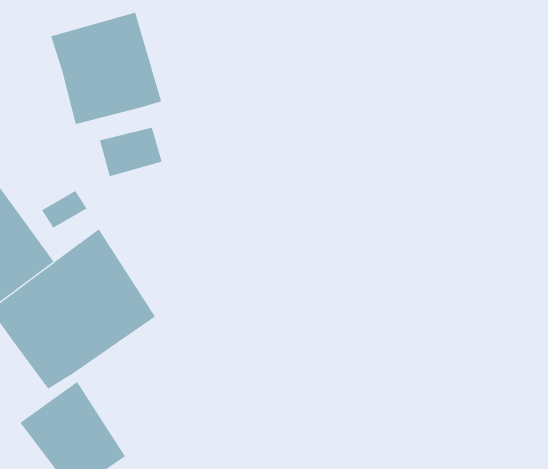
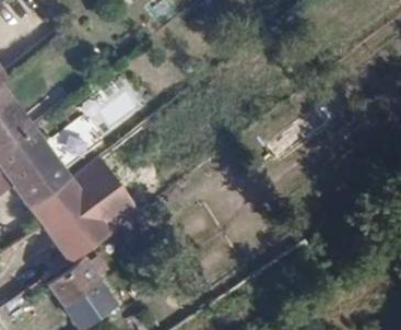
building: [50,12,162,125] -> none

